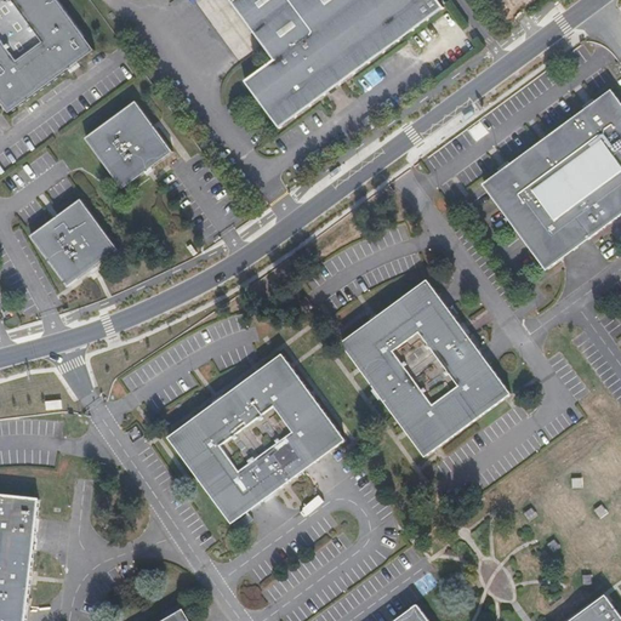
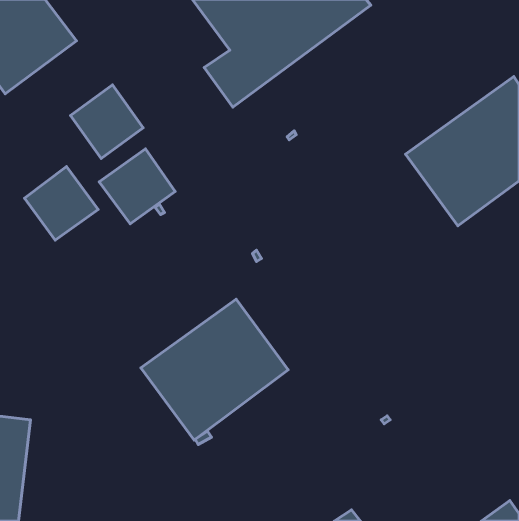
building: none -> [99,149,175,224]
building: [341,280,508,456] -> none

